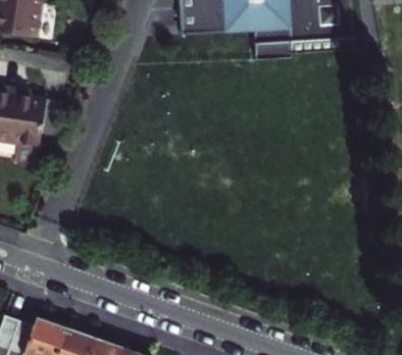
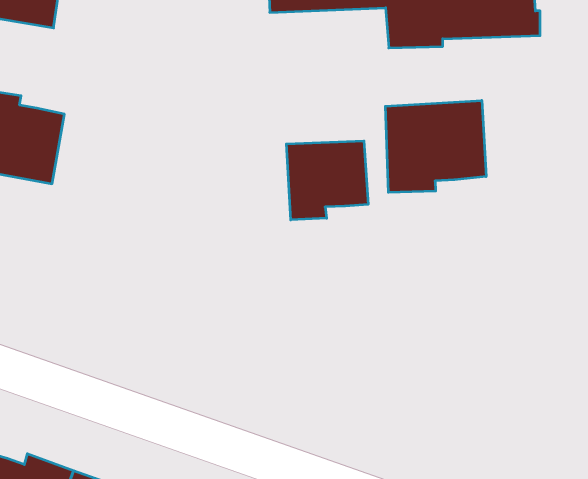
building: none -> [385,100,486,192]
building: none -> [286,141,368,220]

